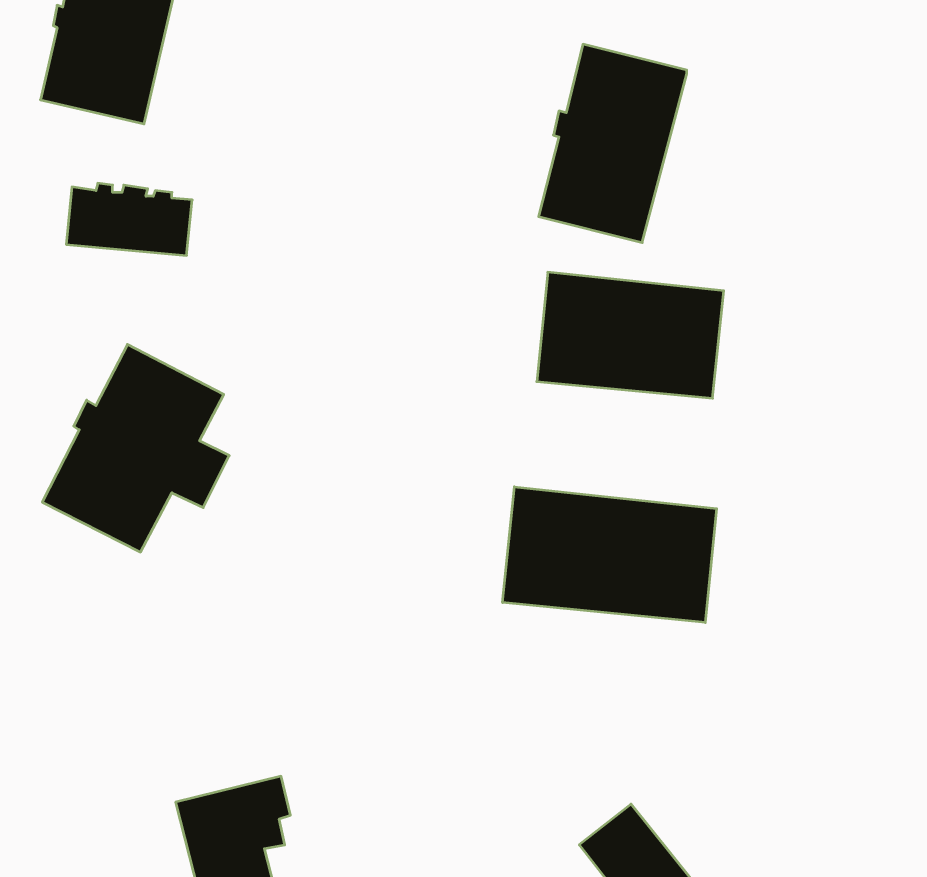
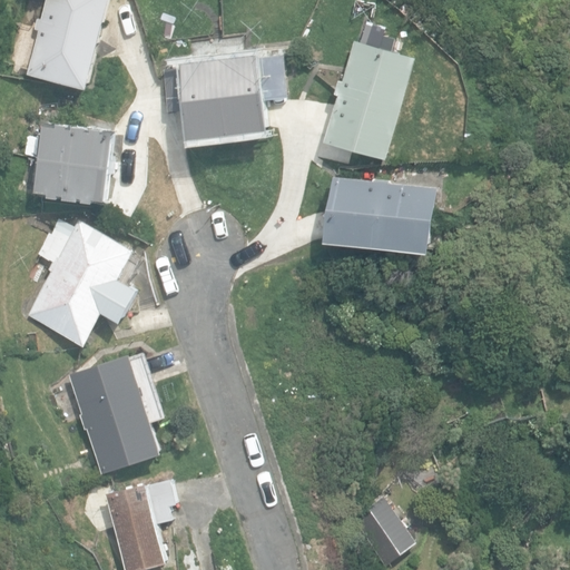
building: none -> [164,52,288,138]
building: none -> [37,160,112,202]
building: [503,487,717,623] -> none
building: none -> [66,353,161,475]

